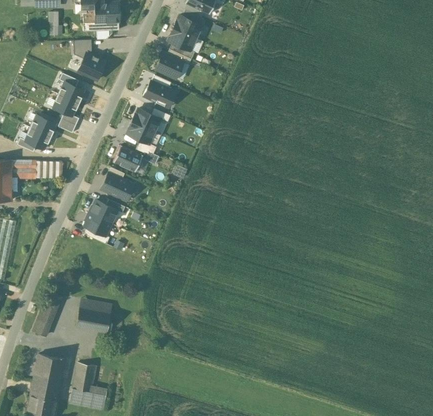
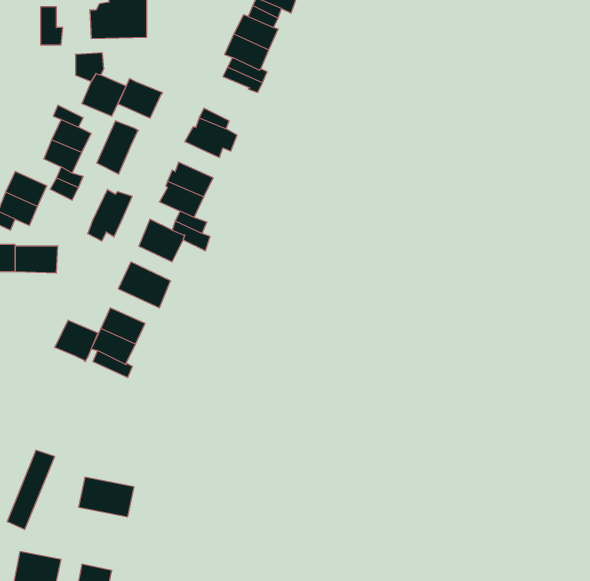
building: [155,52,183,77] -> [118,79,163,118]
building: none -> [97,121,138,174]
building: none -> [88,189,132,241]
building: none -> [55,320,98,362]

